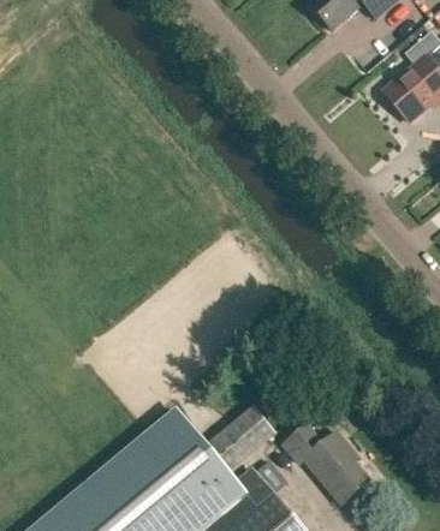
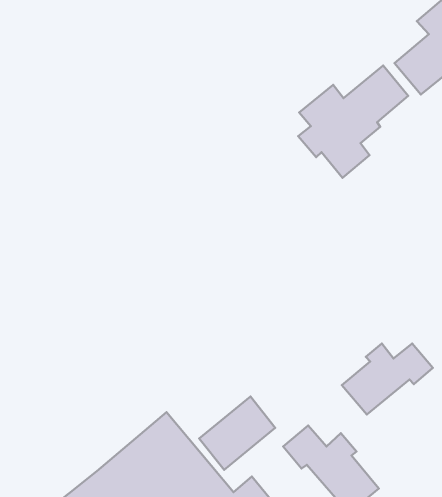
building: none -> [298,66,408,178]
building: none -> [342,344,433,414]

